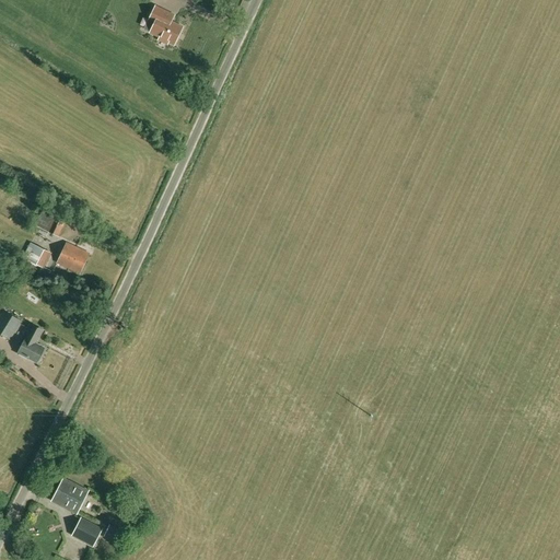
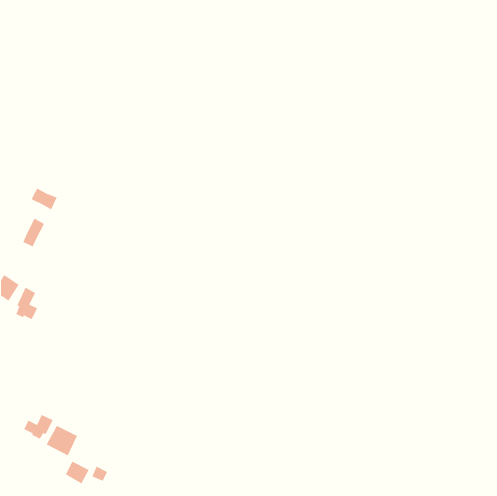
building: [150,7,182,44] -> none
building: [57,243,89,272] -> none
building: none -> [24,414,54,440]

